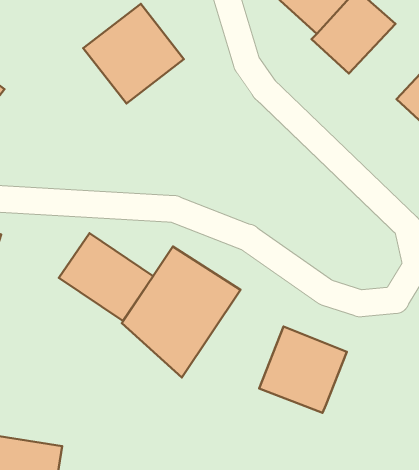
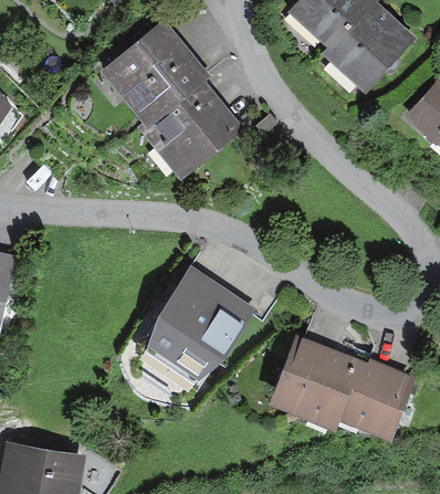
building: none -> [143,76,235,166]
building: [59,233,153,321] -> none
building: none -> [342,365,411,440]

